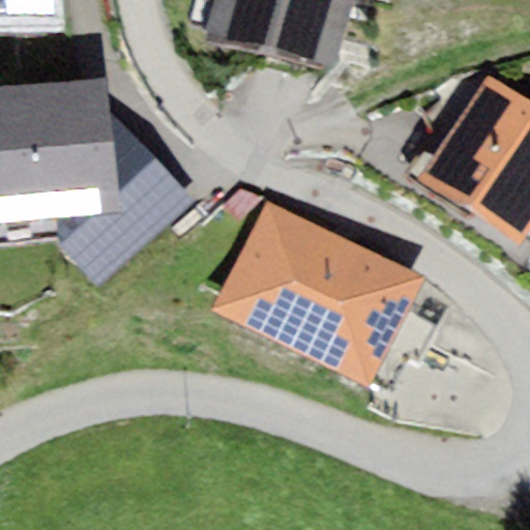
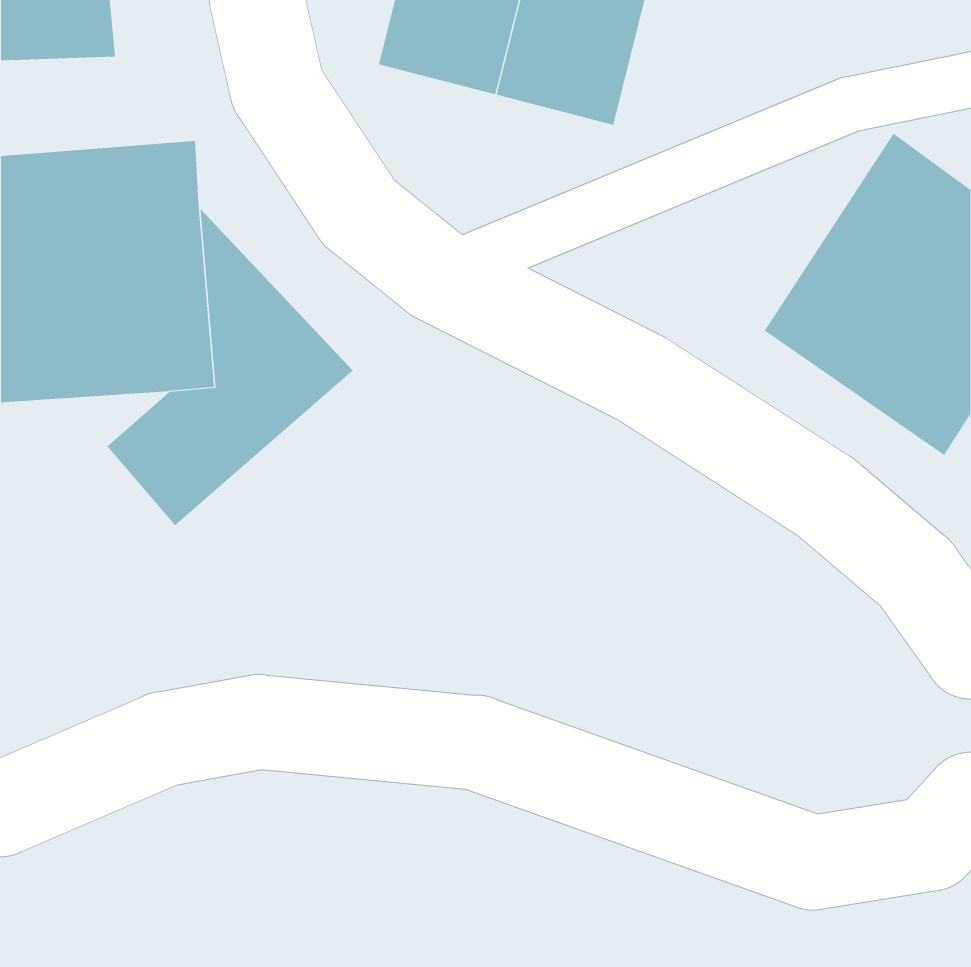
building: [211,199,424,387] -> none

